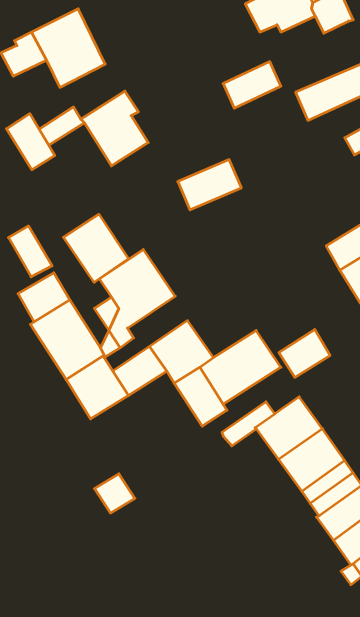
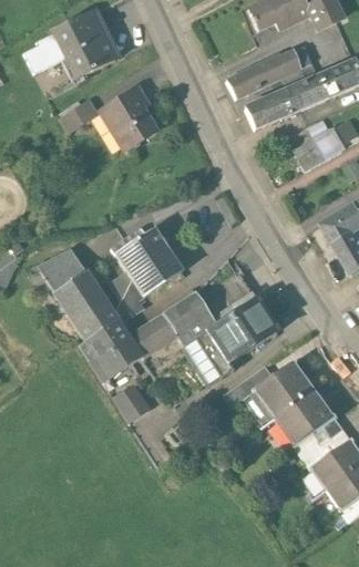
building: none -> [268,43,312,79]
building: [6,114,55,170] -> none
building: none -> [294,126,343,167]
building: [178,160,241,210] -> [245,84,302,130]
building: [63,214,128,282] -> none
building: [8,226,52,277] -> none
building: [279,329,330,377] -> none
building: [94,474,135,513] -> [114,382,151,417]

